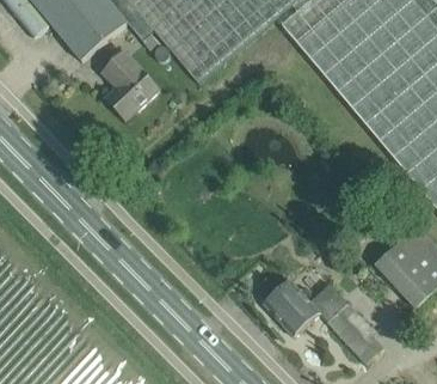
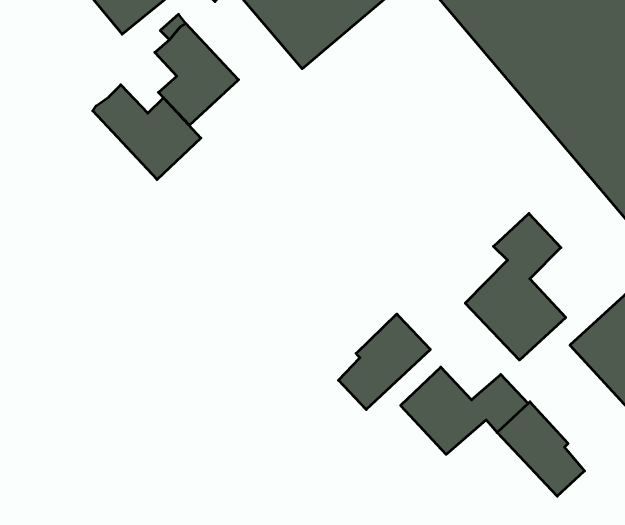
building: none -> [93,85,201,180]
building: none -> [465,213,566,360]
building: none -> [338,314,430,410]

